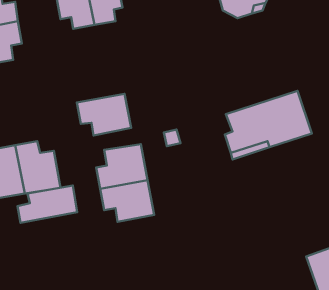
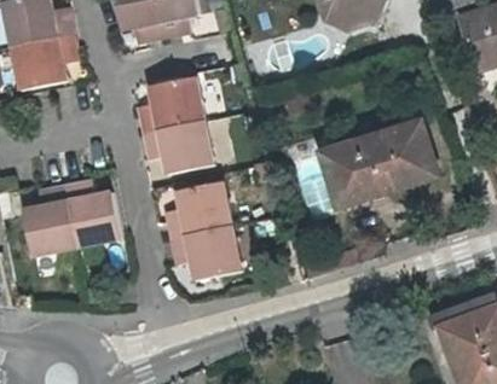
building: none -> [139,76,203,133]
building: [18,186,77,223] -> none

